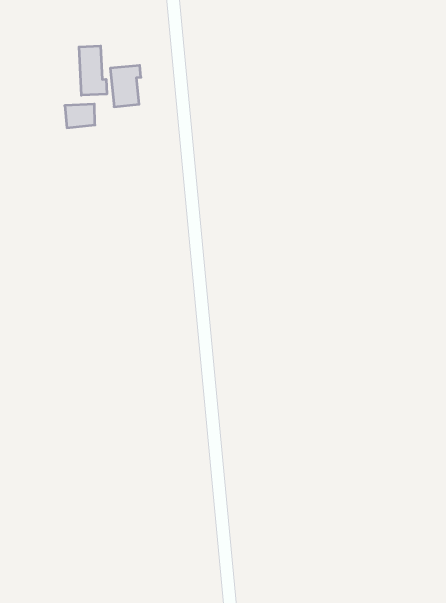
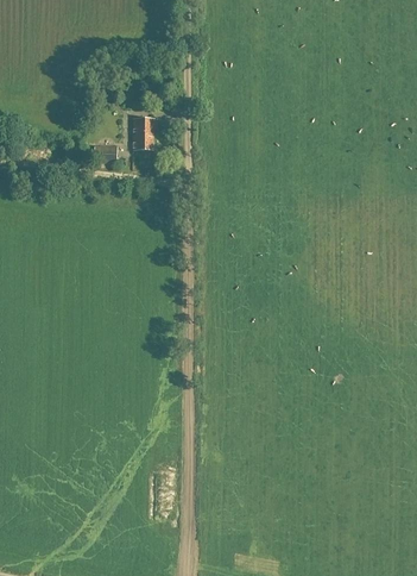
building: [79,46,107,95] -> none

